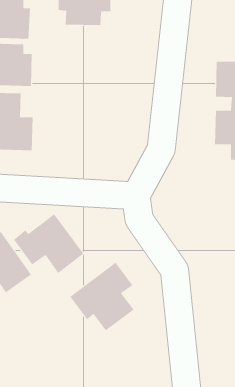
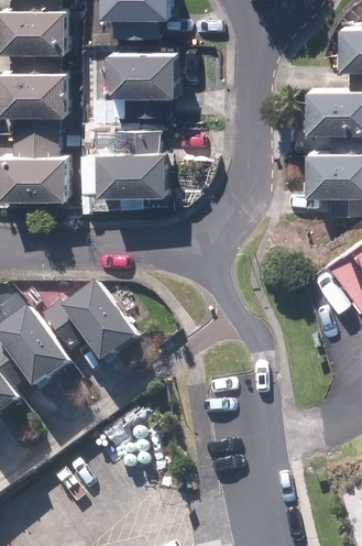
building: none -> [107,57,177,121]
building: none -> [77,139,166,198]
building: [70,262,134,331] -> none

